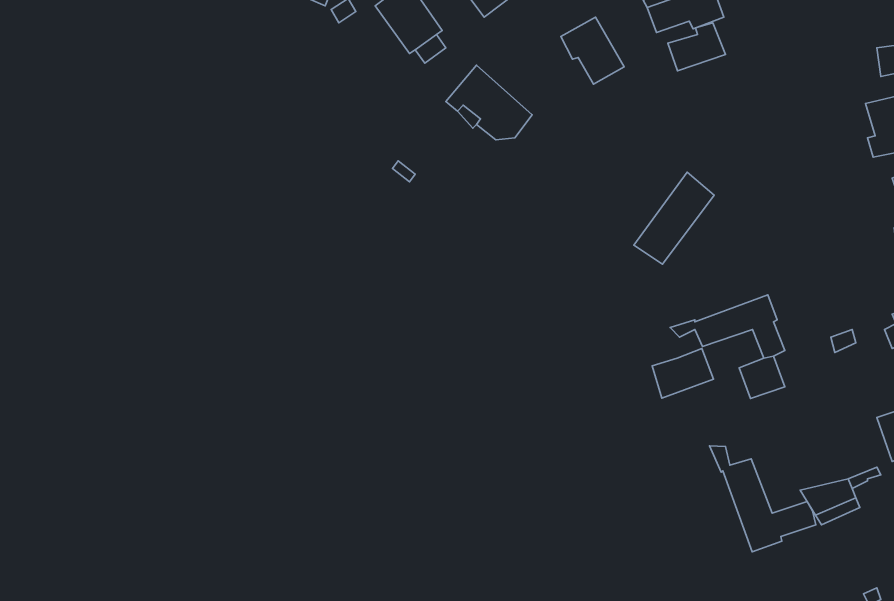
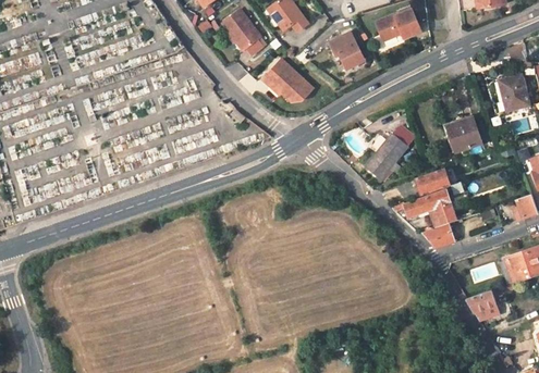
building: [668,23,725,71] -> none
building: none -> [445,117,479,151]
building: [652,348,713,398] -> [415,169,450,197]
building: [710,446,816,552] -> none

